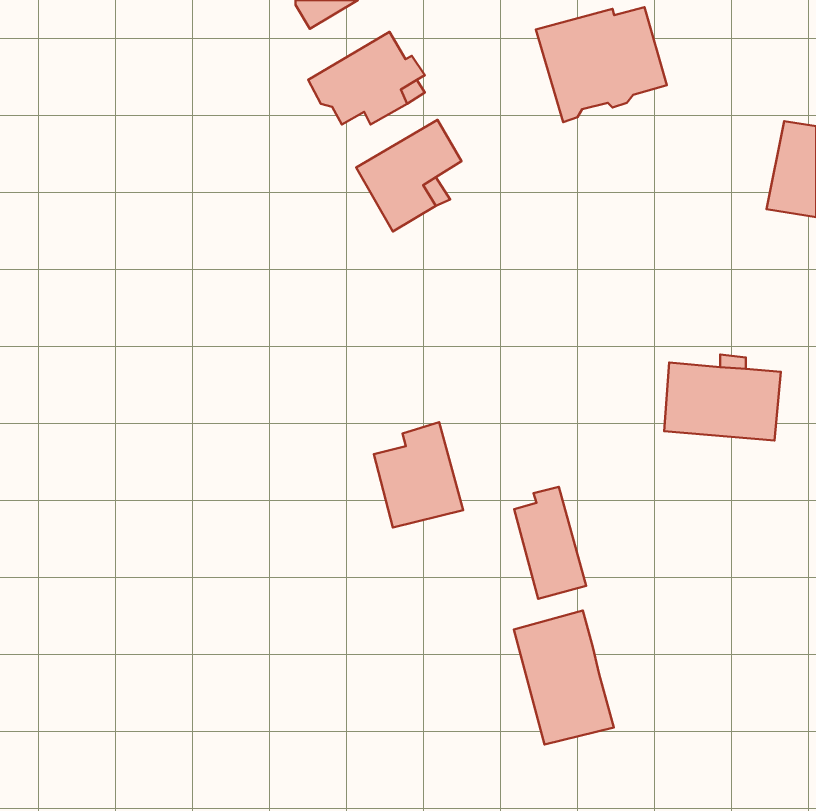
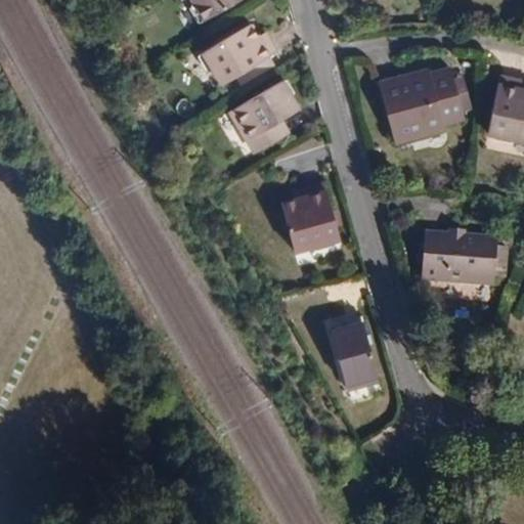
building: [536,7,667,122] -> [382,72,466,145]
building: [374,422,463,528] -> [279,181,337,249]
building: [514,611,614,745] -> none

